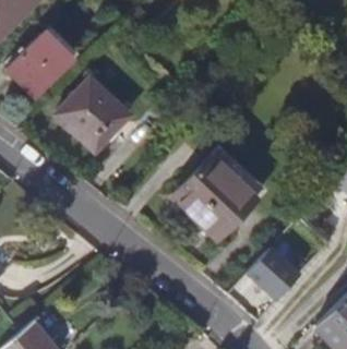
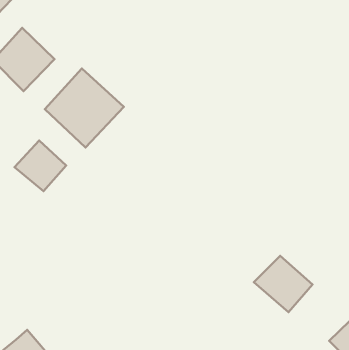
building: none -> [14,141,66,191]
building: [174,155,256,238] -> none

